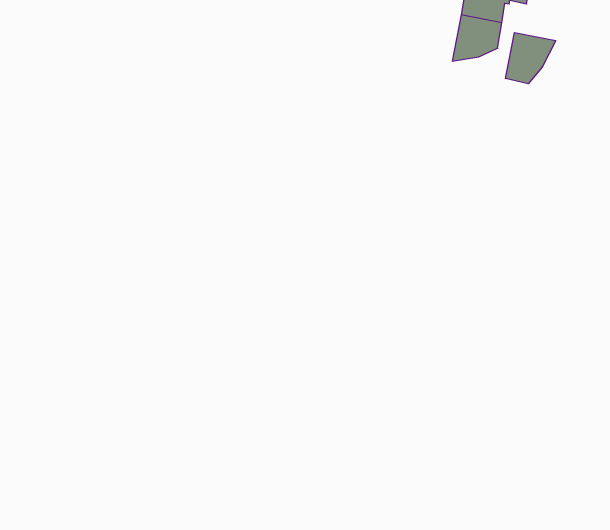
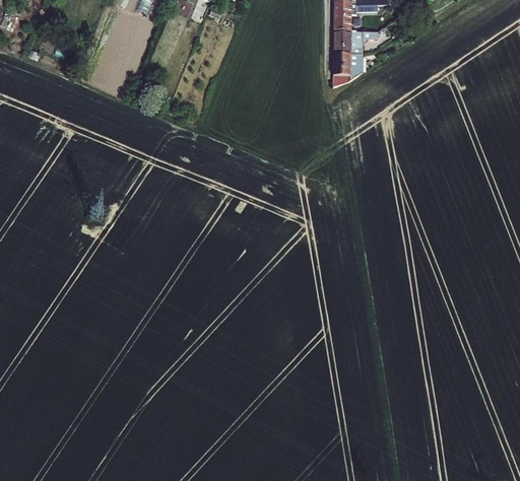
building: [506,33,556,84] -> none

